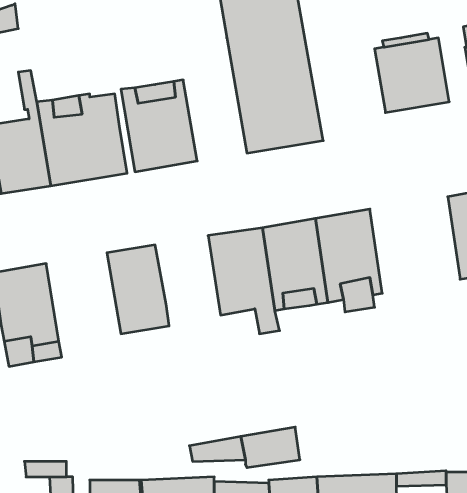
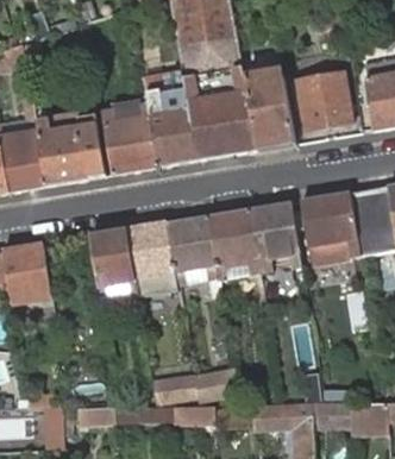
building: none -> [144,70,198,164]
building: none -> [243,73,295,149]
building: none -> [301,191,360,263]
building: none -> [127,221,180,294]

